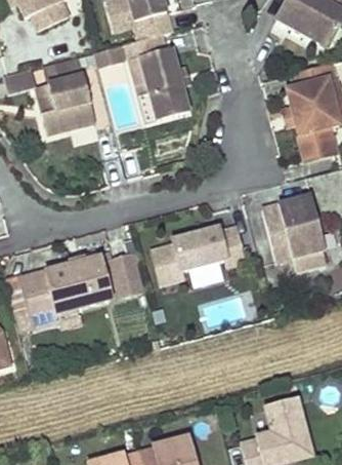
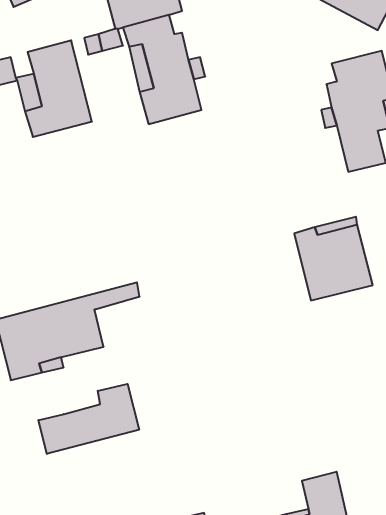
building: [153,228,245,285] -> none
building: [102,260,146,300] -> none
building: none -> [38,384,139,454]

